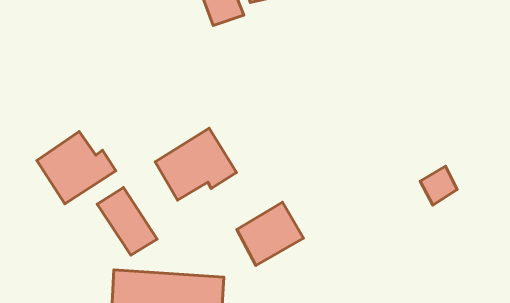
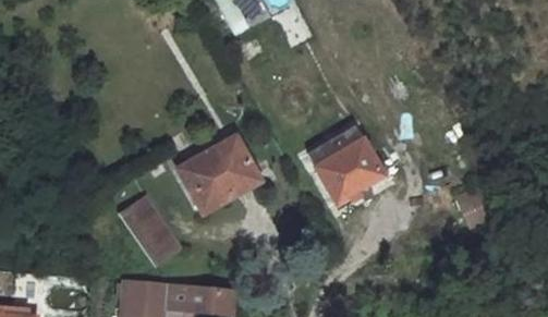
building: [37,132,116,204] -> none
building: [237,202,303,266] -> [310,135,379,200]

